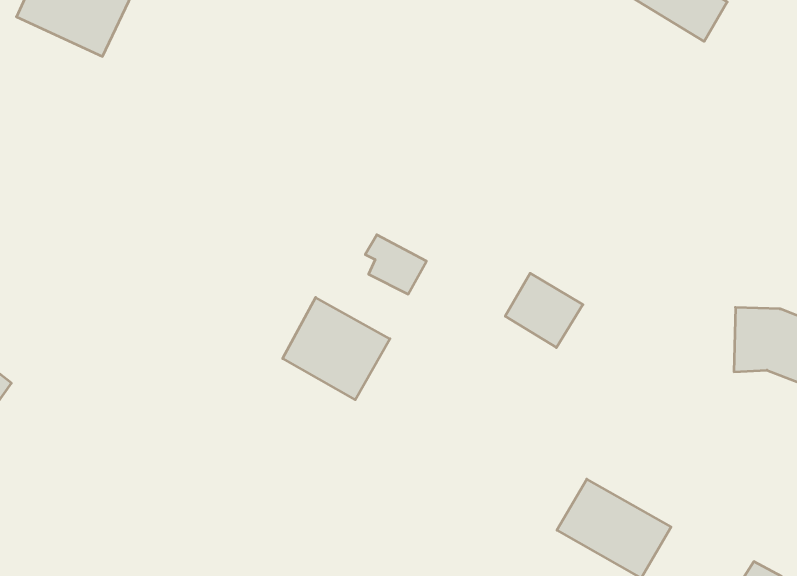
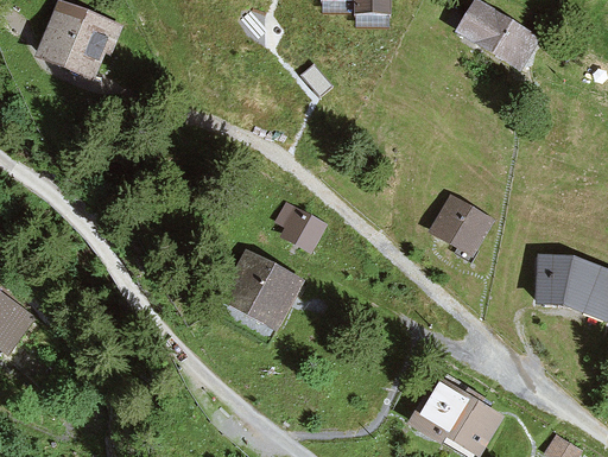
building: [505,273,583,348] -> [438,199,494,253]

